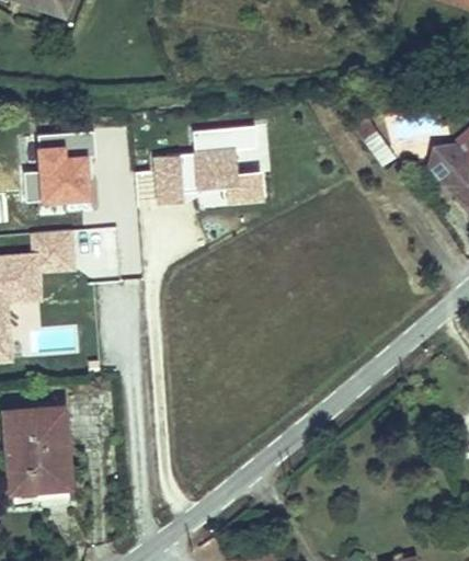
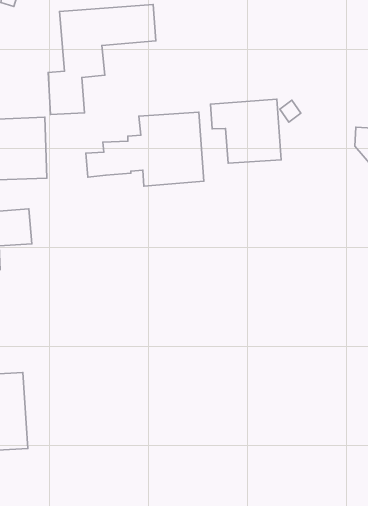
building: none -> [48,5,156,114]
building: none -> [211,99,281,163]

